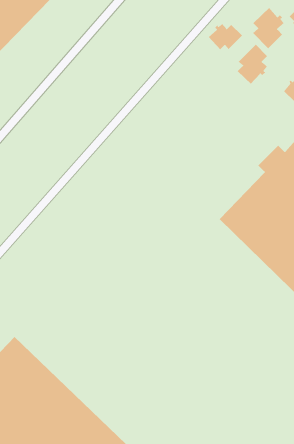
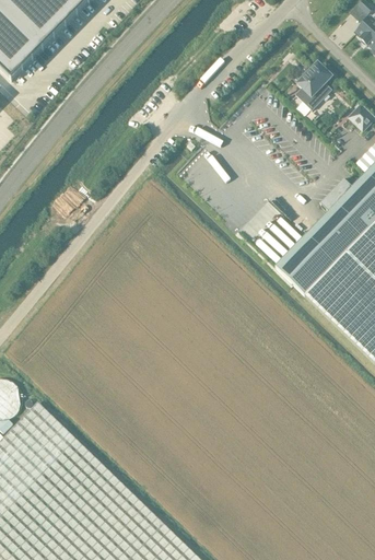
building: [252,7,284,49] -> none
building: [208,23,243,50] -> none

